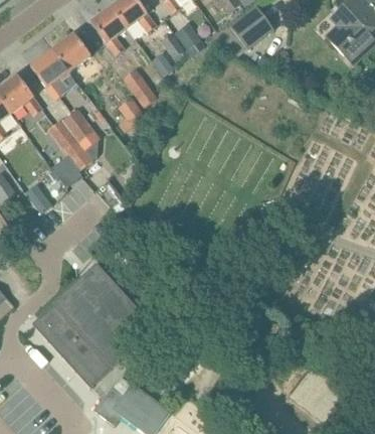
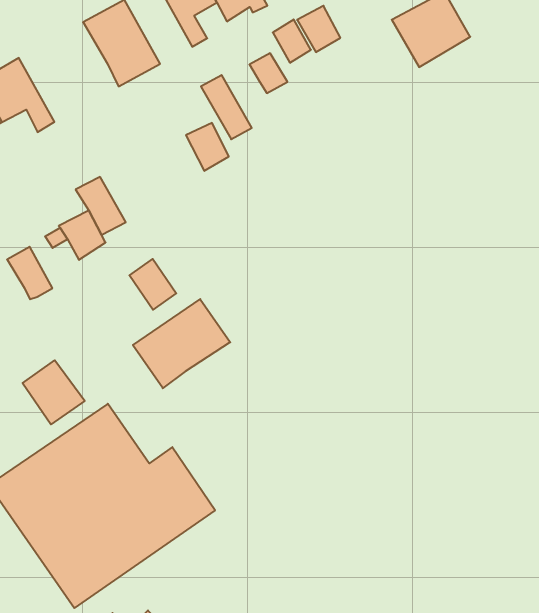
building: [29,49,67,99] -> none
building: [60,109,99,161] -> none
building: none -> [133,299,230,388]
building: none -> [23,360,85,424]

